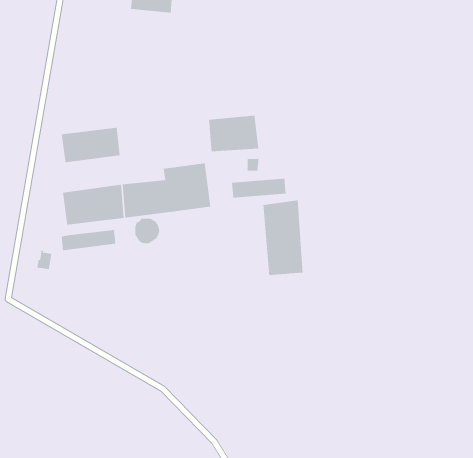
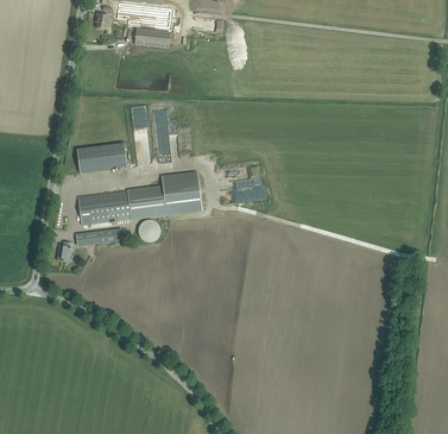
building: [209,115,259,152] -> none
building: [263,200,303,276] -> none

